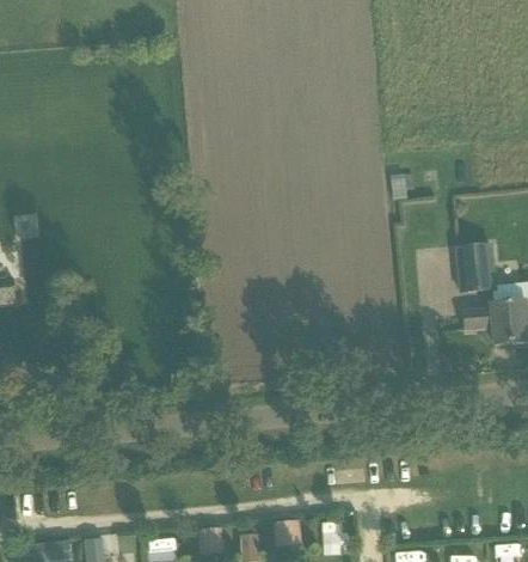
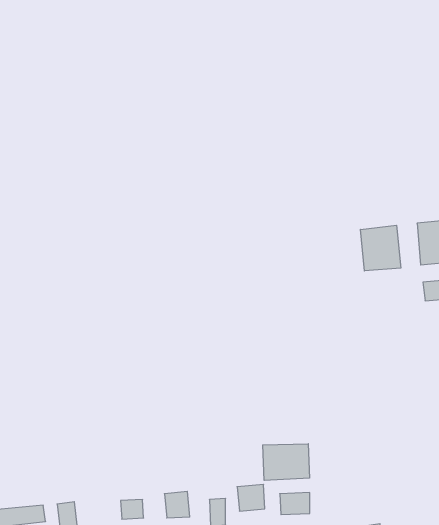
building: none -> [360,225,401,271]
building: none -> [263,444,309,480]

